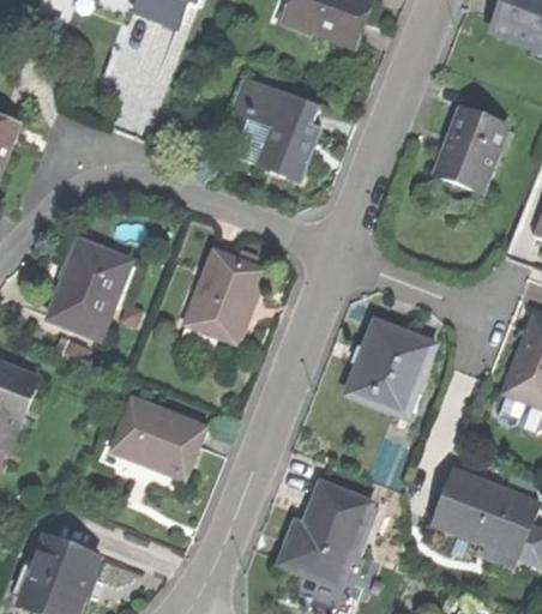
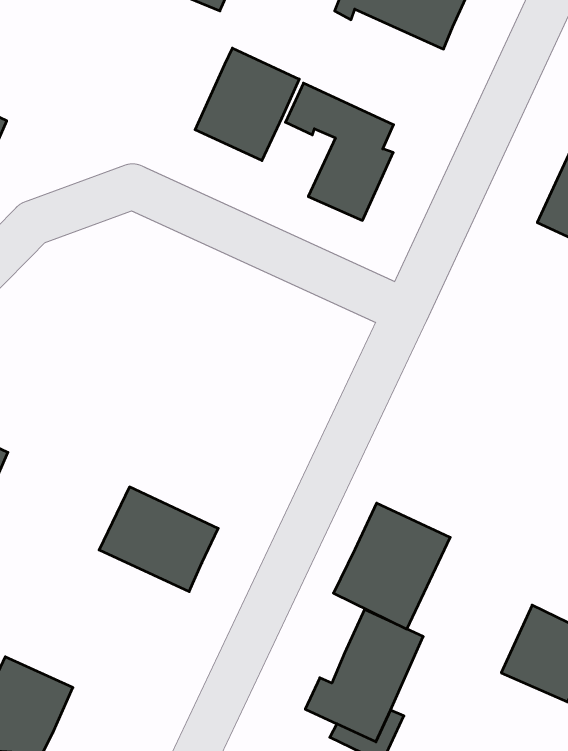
building: none -> [195,48,299,161]
building: [48,240,132,339] -> none
building: [183,249,264,342] -> none
building: [345,320,433,416] -> [333,503,450,629]

